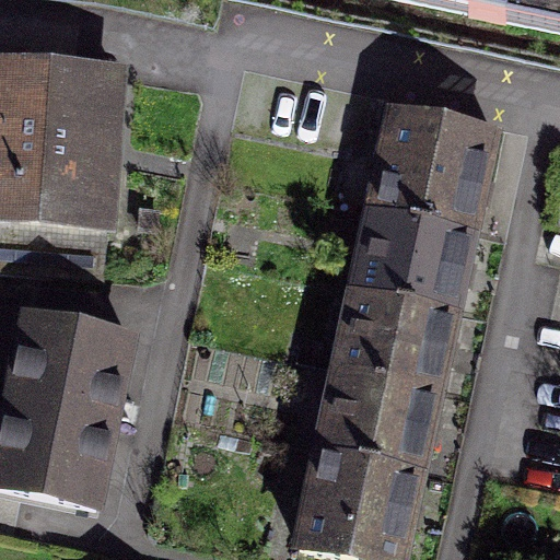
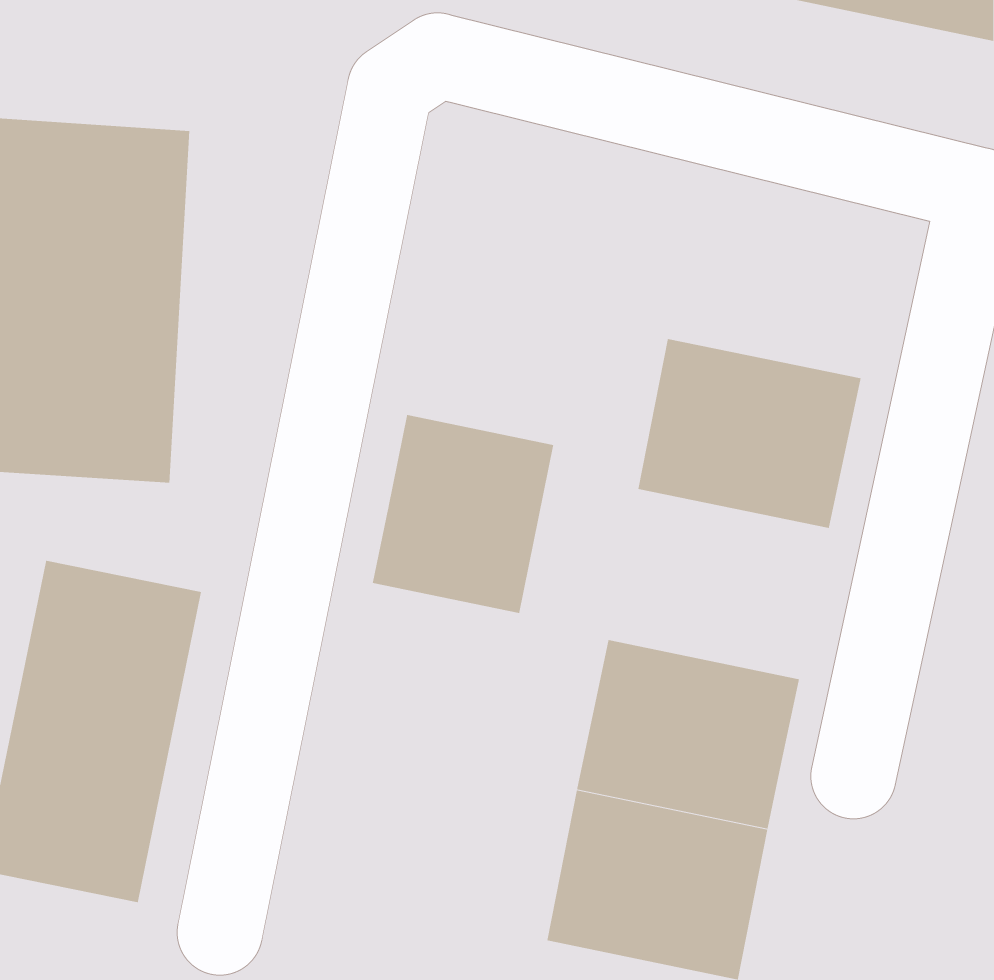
building: [369,104,492,209] -> none
building: none -> [372,414,554,614]
building: [336,270,458,375] -> none

